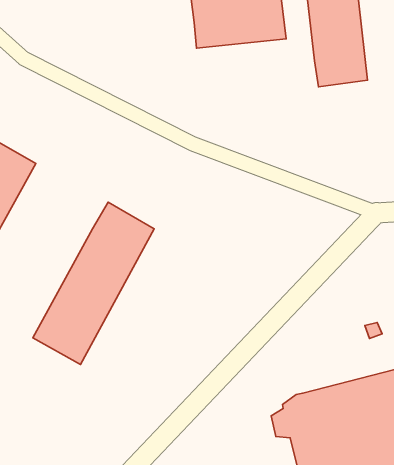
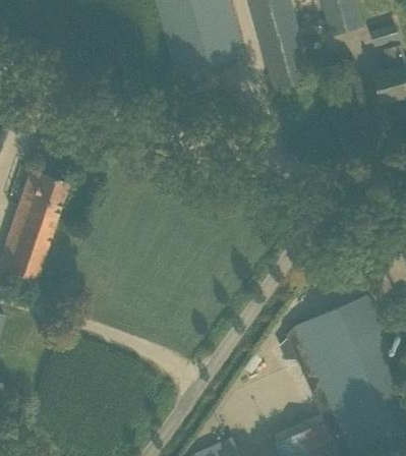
building: [33,202,154,365] -> none

